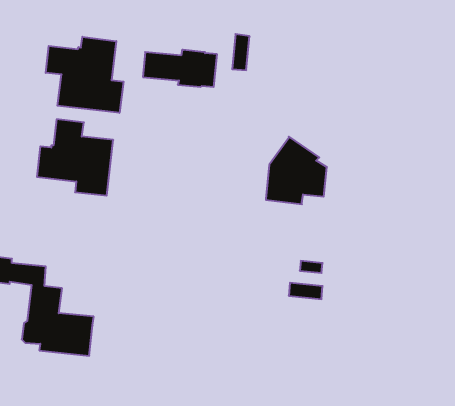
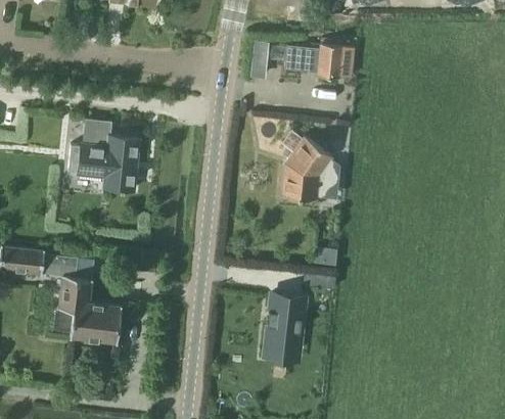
building: [46,37,124,113] -> none
building: [143,50,217,87] -> [284,43,354,78]
building: none -> [265,293,306,352]

